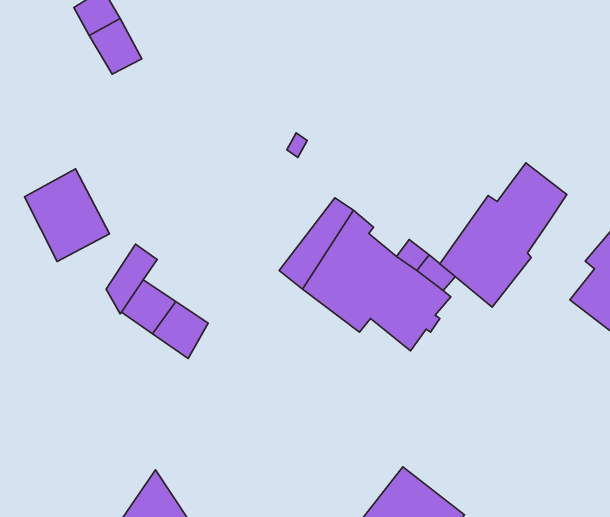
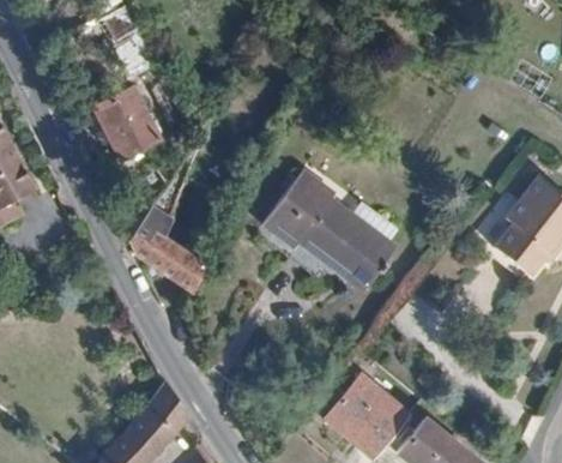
building: [440,163,567,307] -> none
building: [25,169,110,262] -> [95,86,161,158]

